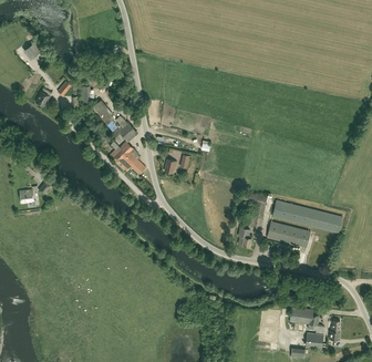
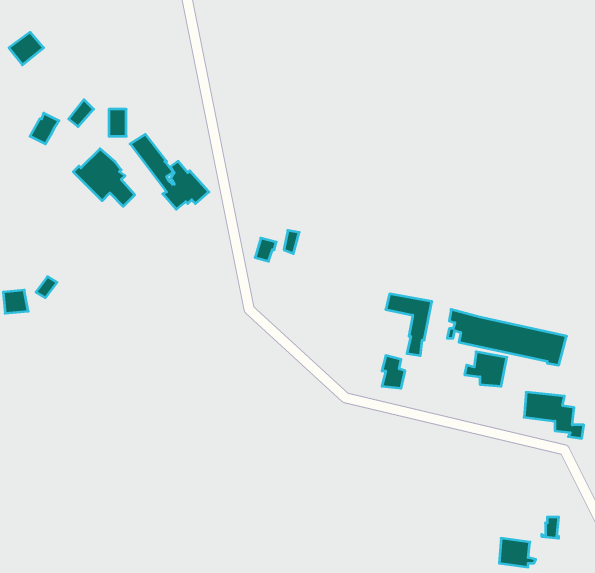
building: [110,141,145,174] -> [73,149,135,206]
building: [289,307,323,333] -> [524,392,584,438]

